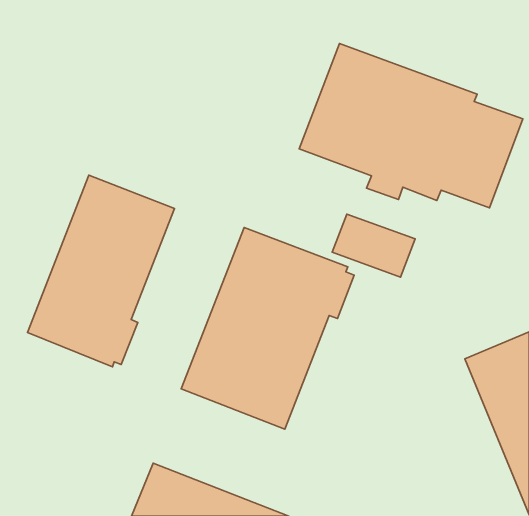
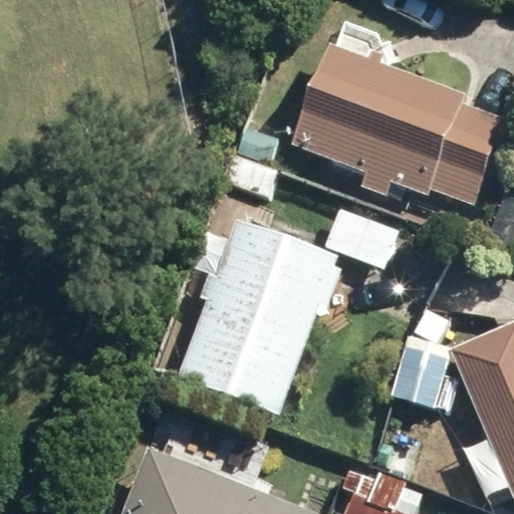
building: [27,175,175,367] -> none

